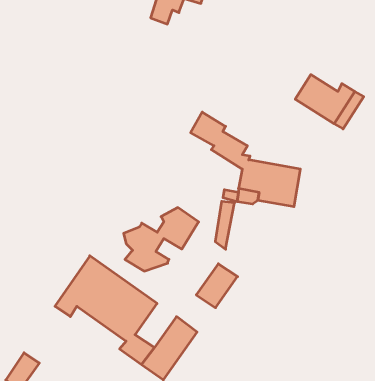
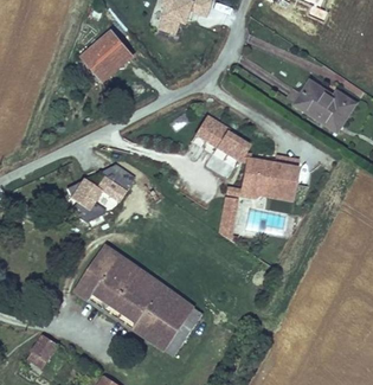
building: none -> [81,30,130,78]
building: [124,208,199,271] -> [65,163,134,222]
building: [196,264,238,308] -> [146,289,184,329]

